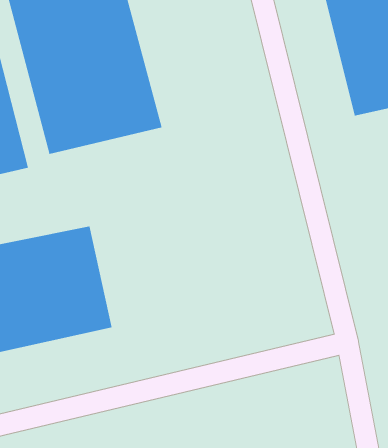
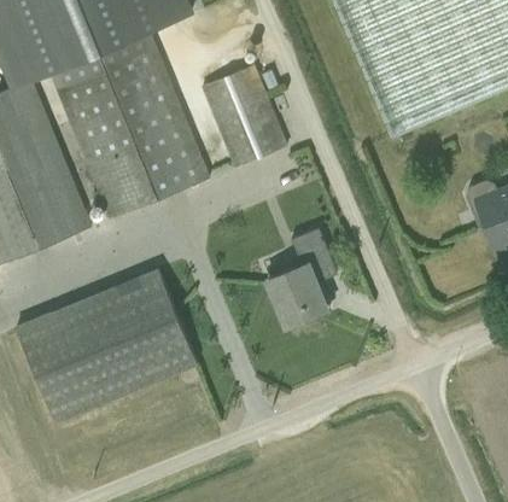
building: none -> [200,64,292,163]
building: none -> [265,221,346,331]

